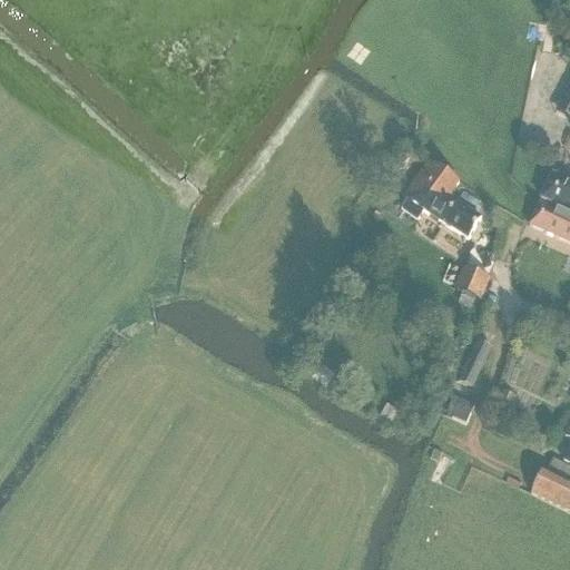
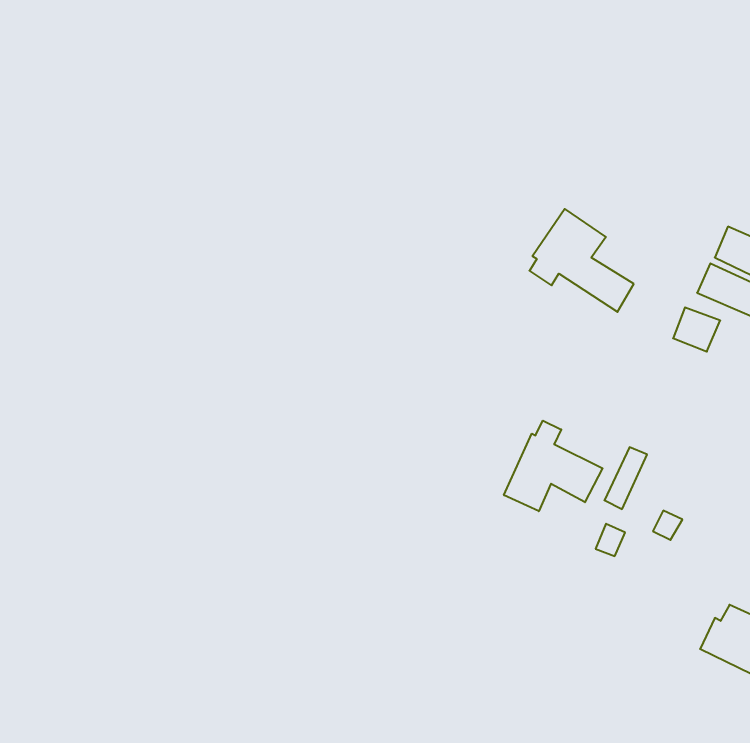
building: [455,264,491,297] -> [673,307,720,352]
building: none -> [504,421,603,511]

